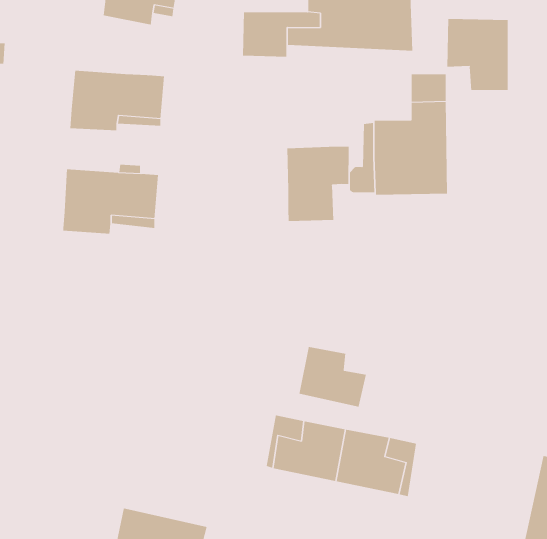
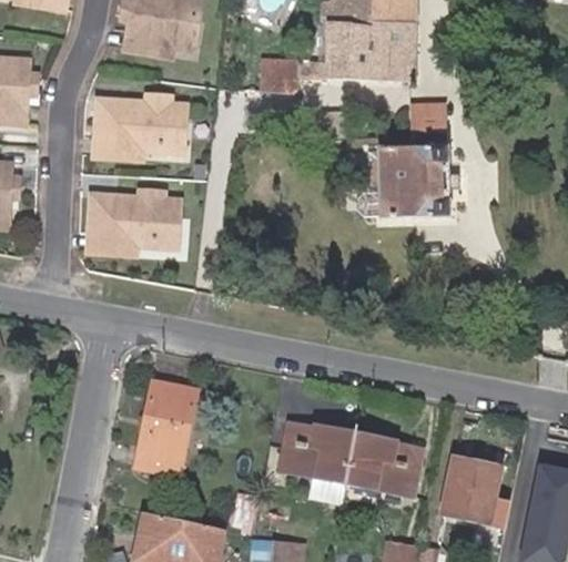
building: [447,18,508,91] -> none
building: [287,146,349,222] -> none
building: [299,346,367,407] -> none
building: none -> [138,380,197,477]
building: none -> [447,458,503,522]

